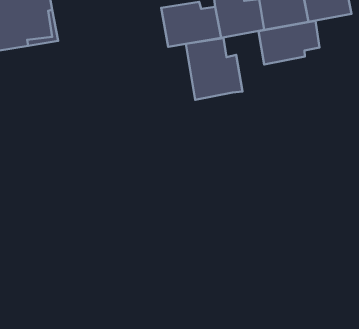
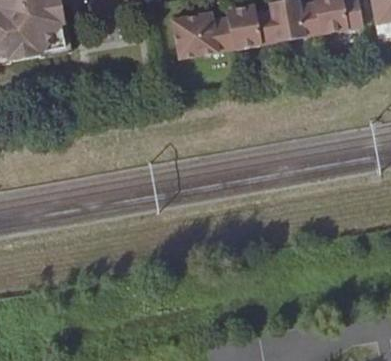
building: [258,21,319,64] -> none
building: [186,38,243,100] -> none

